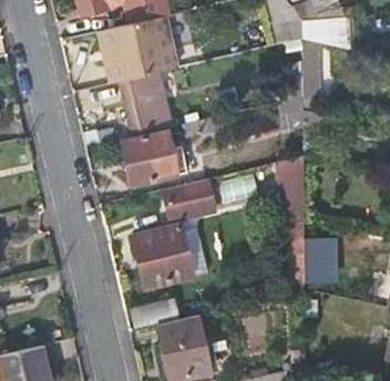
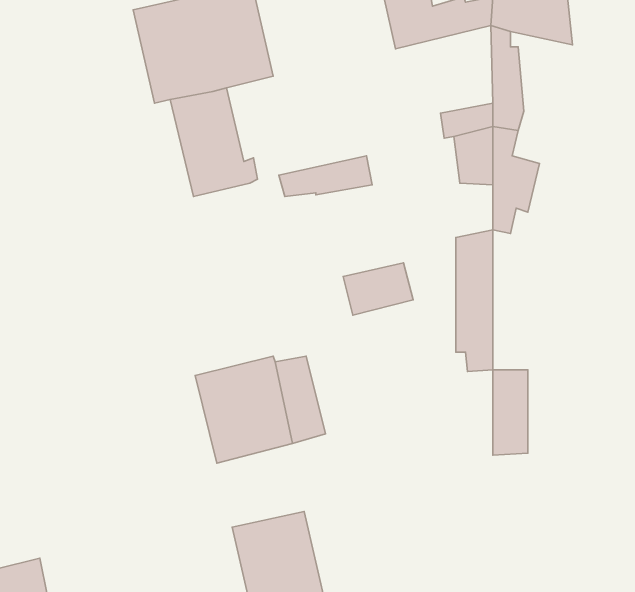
building: [117,128,186,187] -> none
building: [163,176,216,223] -> none

